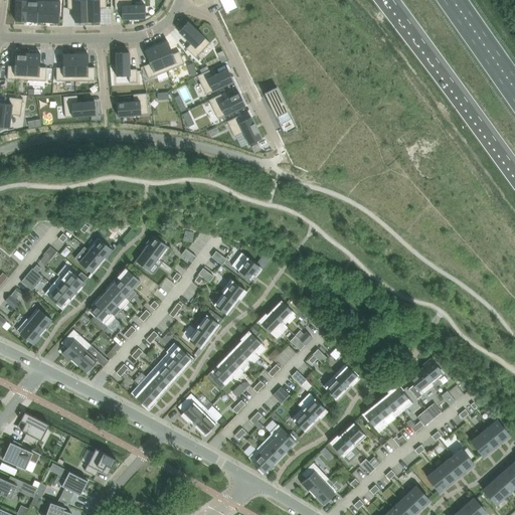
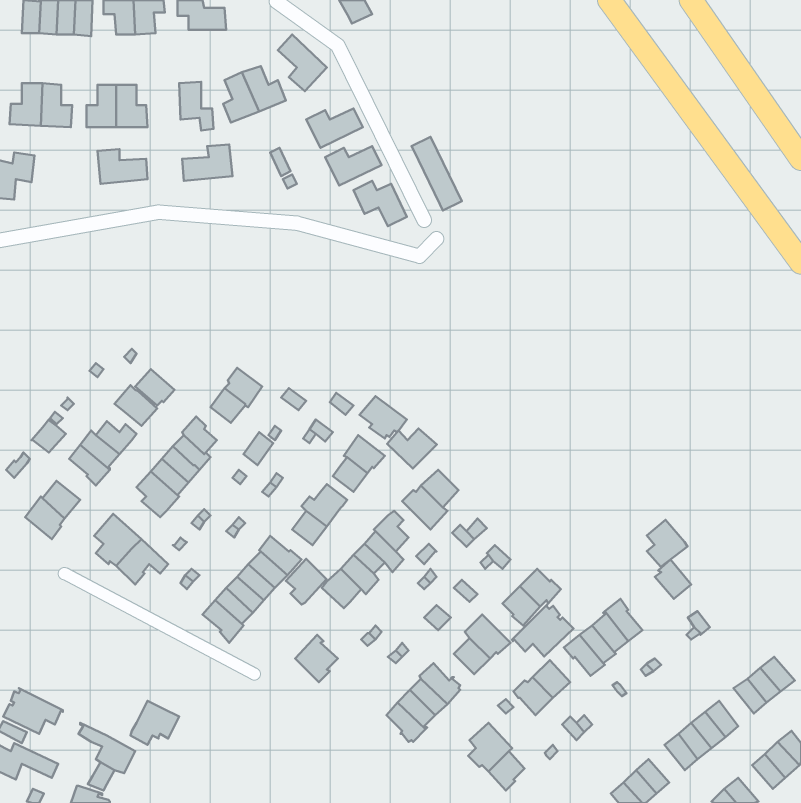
building: none -> [387,428,437,469]
building: [407,369,434,399] -> [647,520,688,567]
building: none -> [512,604,574,657]
building: [177,393,203,422] -> [286,559,327,604]
building: [17,412,48,445] -> none

